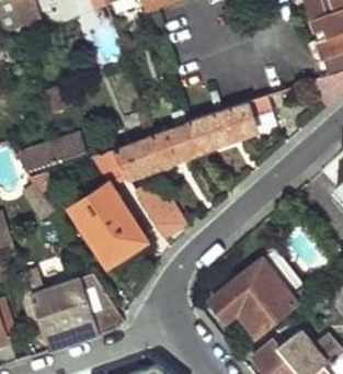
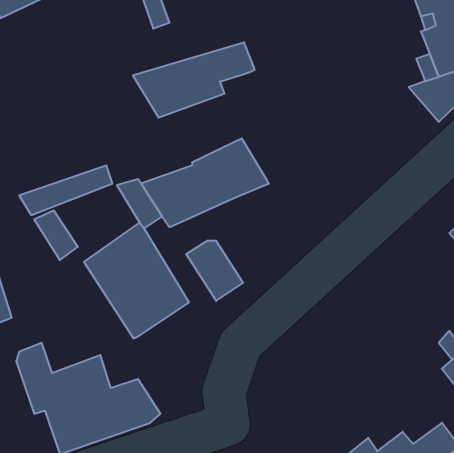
building: [182,95,271,150] -> [133,42,255,118]
building: [208,261,294,333] -> none

